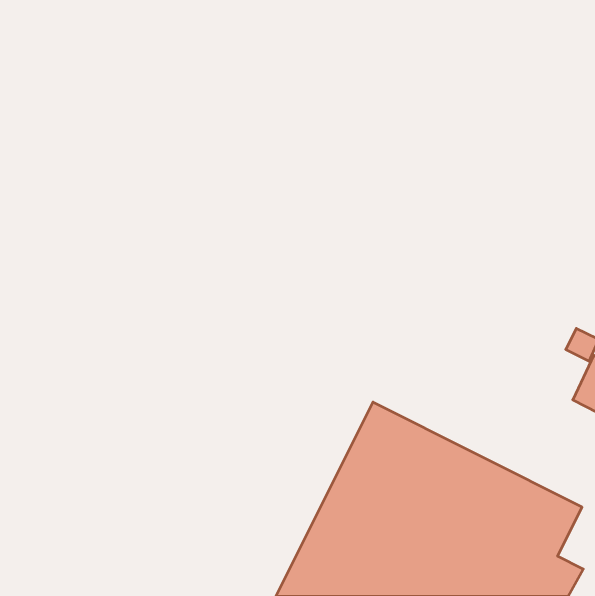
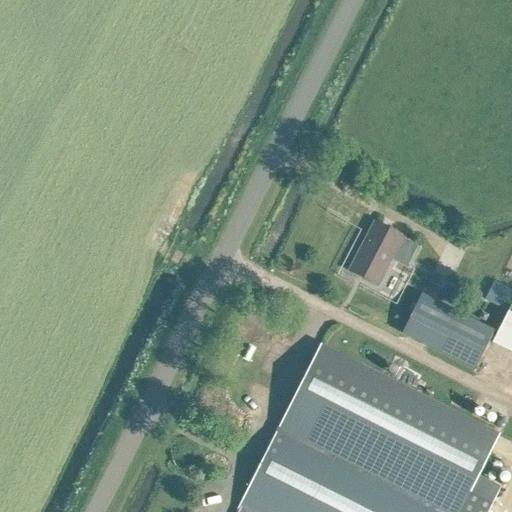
building: none -> [349,220,404,285]
building: none -> [403,295,493,368]

